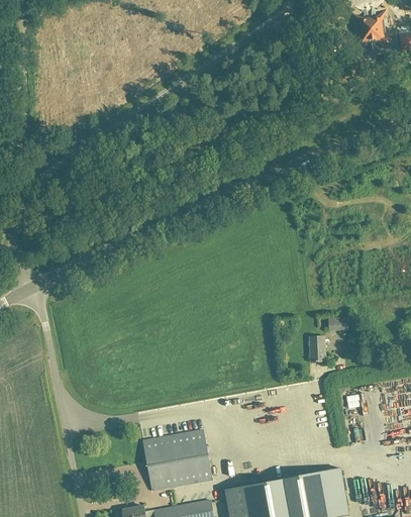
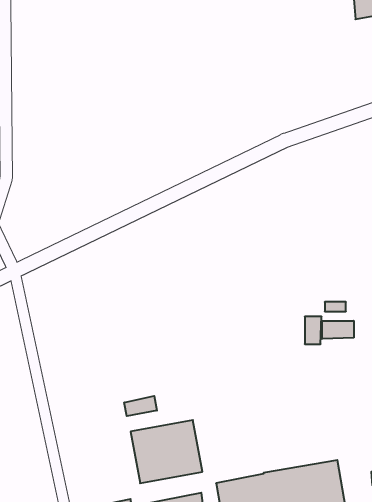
building: none -> [322,321,354,339]
building: none -> [124,396,157,416]

